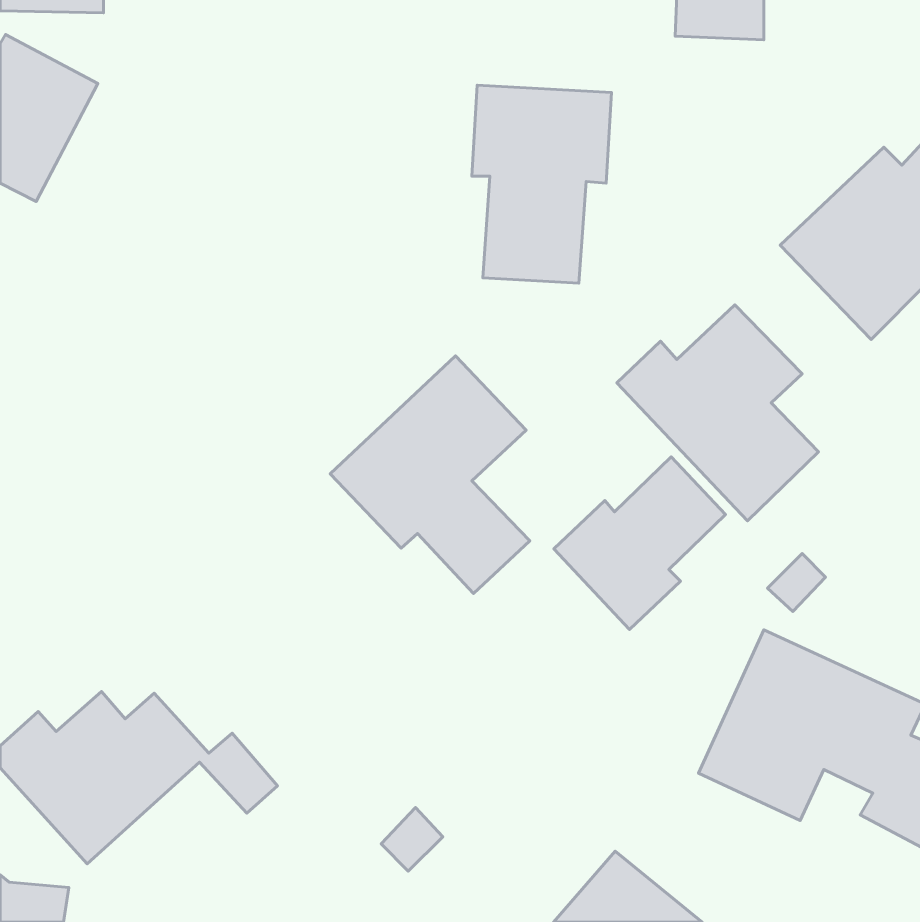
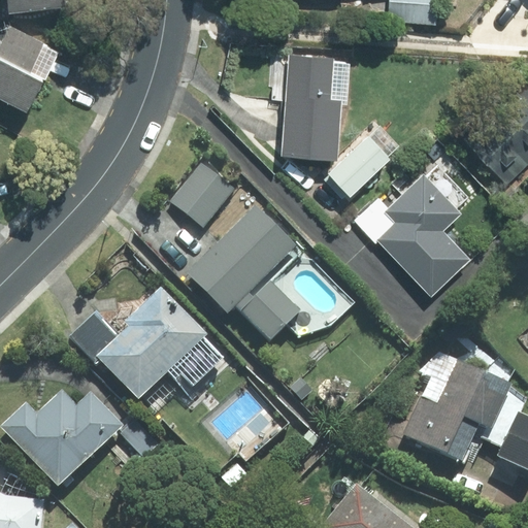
building: none -> [324,135,387,197]
building: none -> [169,160,240,231]
building: [554,457,726,630] -> none
building: none -> [68,289,226,404]

